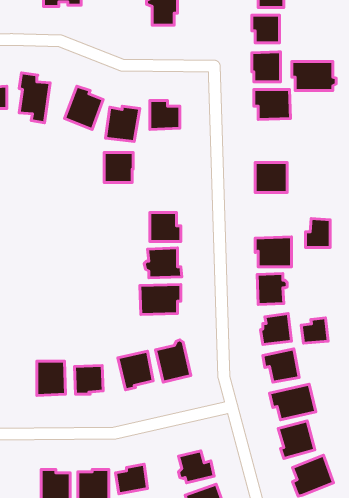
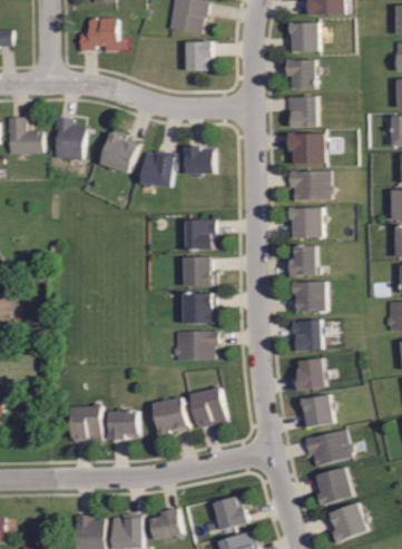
building: [292,62,336,90] -> [286,170,331,199]
building: [104,153,133,182] -> [186,220,215,251]
building: [306,219,330,247] -> [292,245,316,274]
building: [301,318,328,343] -> none

